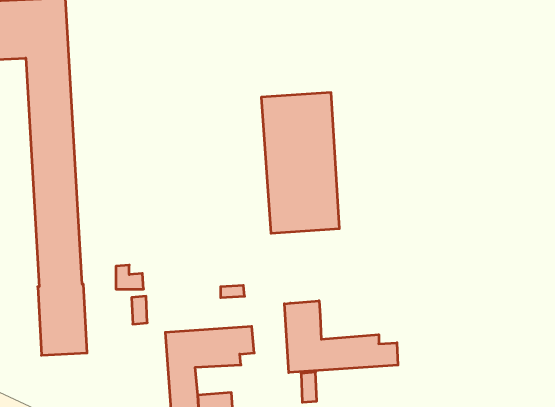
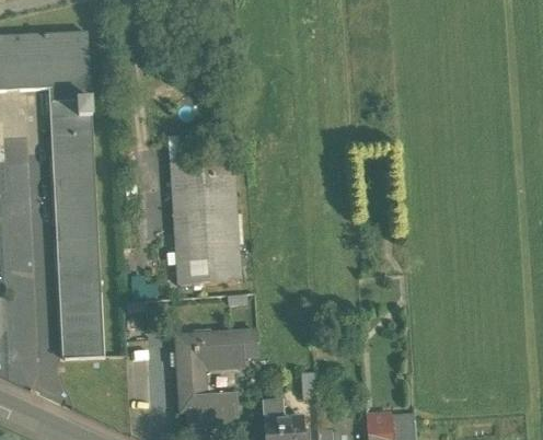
building: [261,93,339,233] -> [167,157,239,285]
building: [284,301,398,373] -> none

